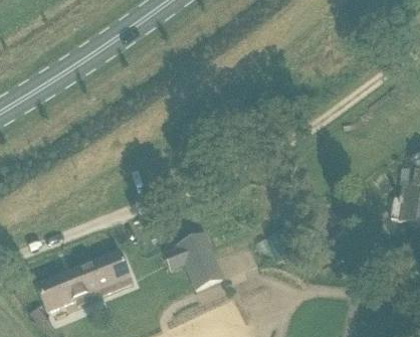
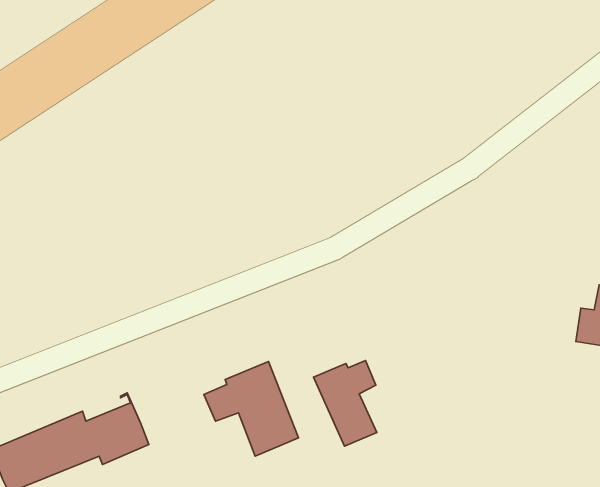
building: none -> [313,361,377,446]

